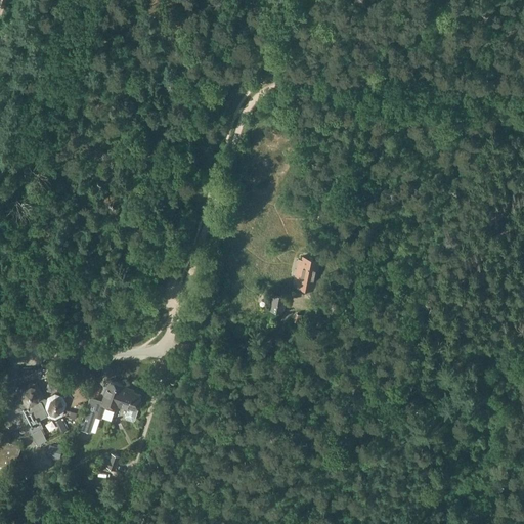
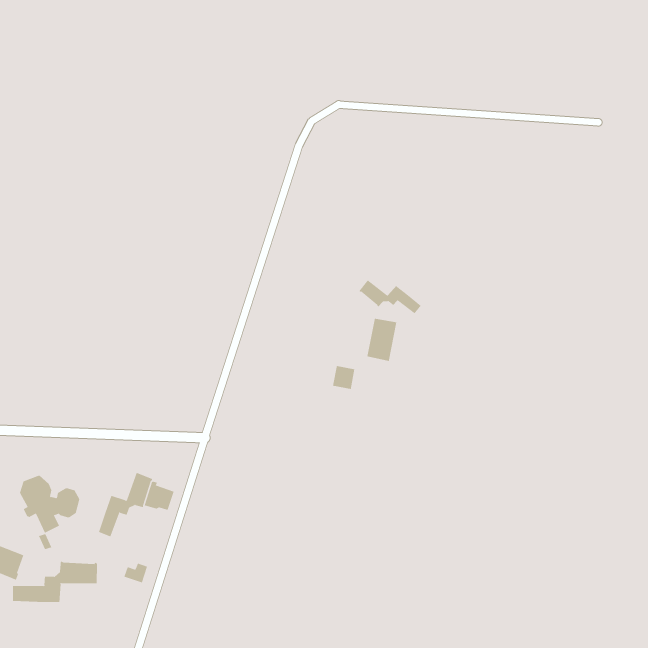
building: none -> [359,280,421,314]
building: none -> [13,561,98,603]

